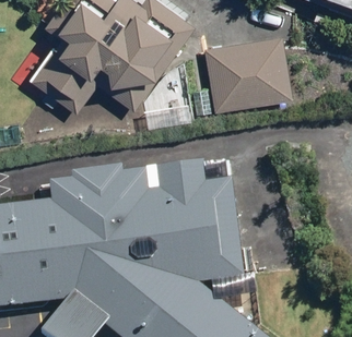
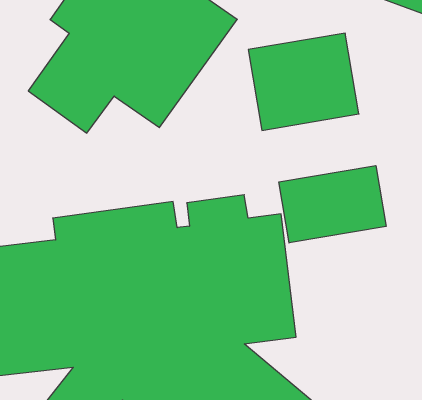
building: none -> [279,166,386,243]

